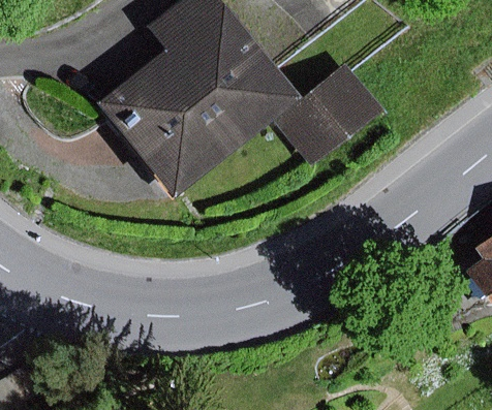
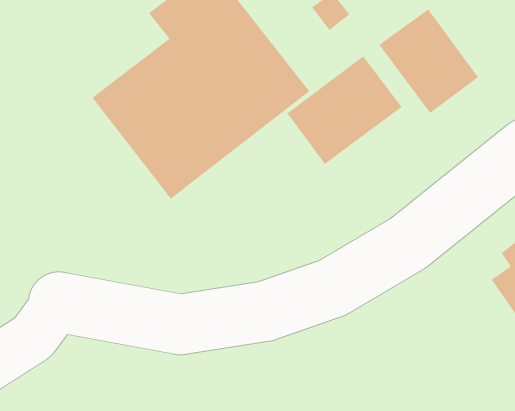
building: none -> [379,8,479,114]

